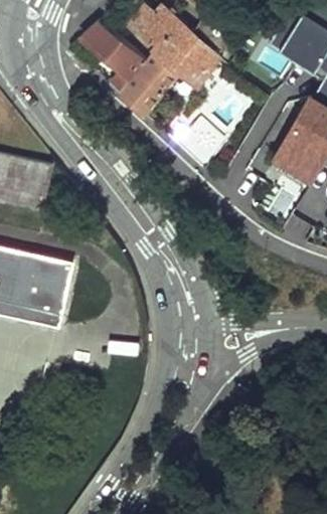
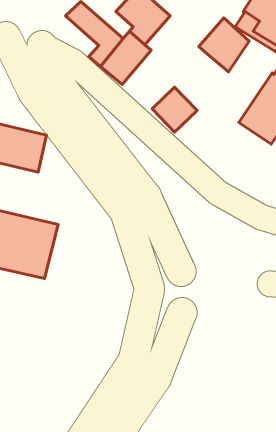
building: [166,33,222,94] -> [199,18,249,72]

